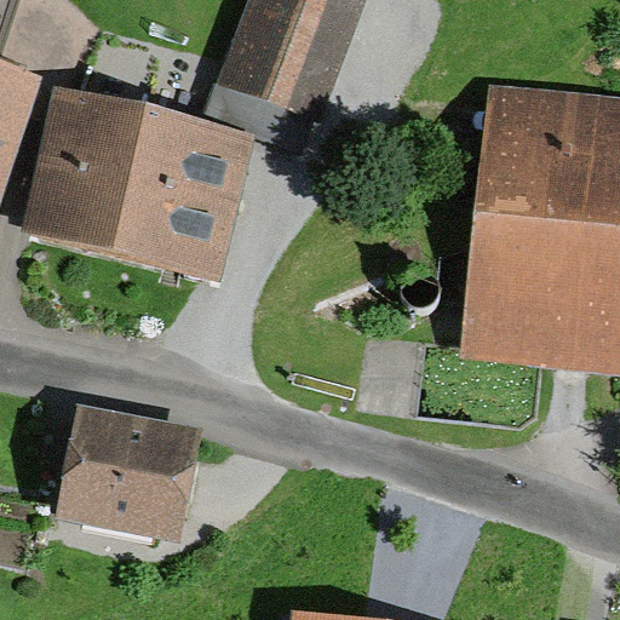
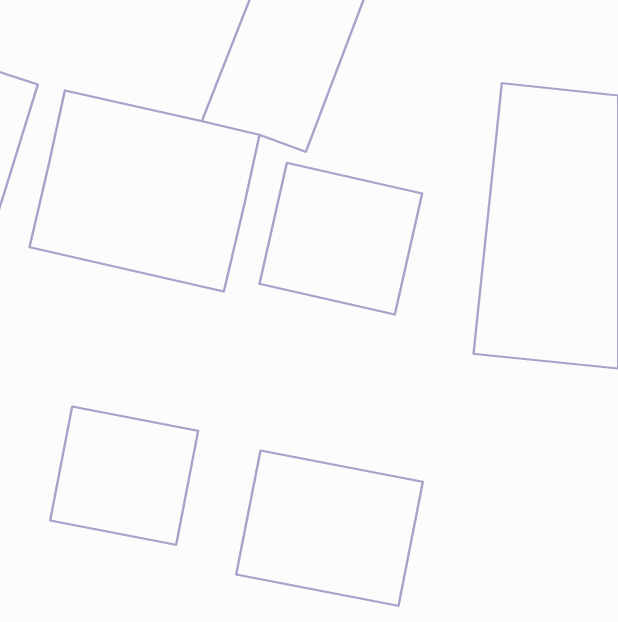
building: none -> [259,163,422,314]
building: none -> [236,450,423,606]

